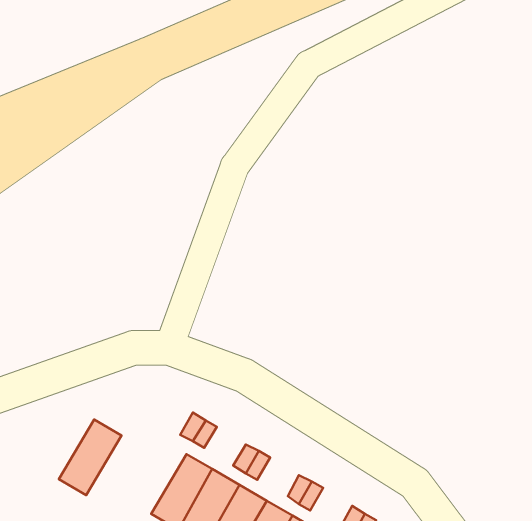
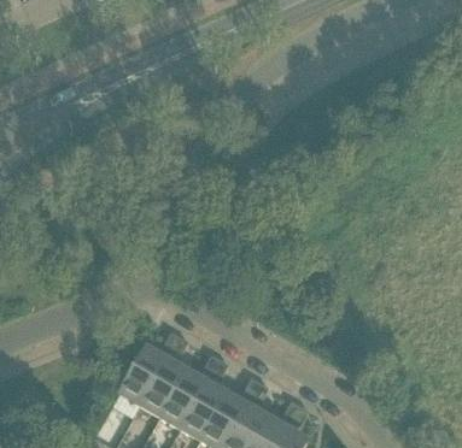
building: [59,419,122,495] -> [119,344,166,401]

